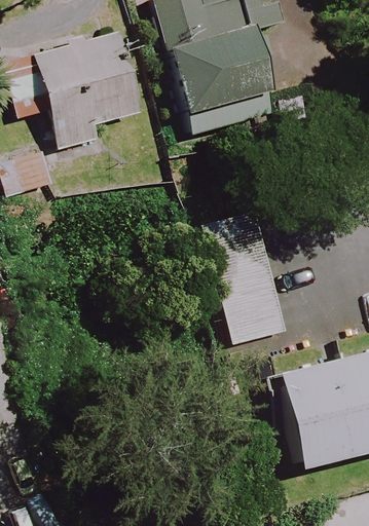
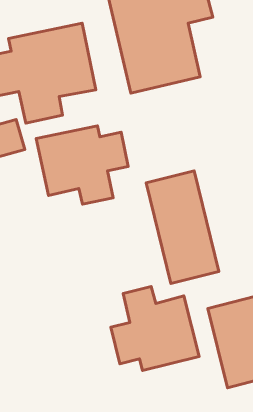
building: none -> [36,126,128,204]
building: none -> [111,286,199,371]

